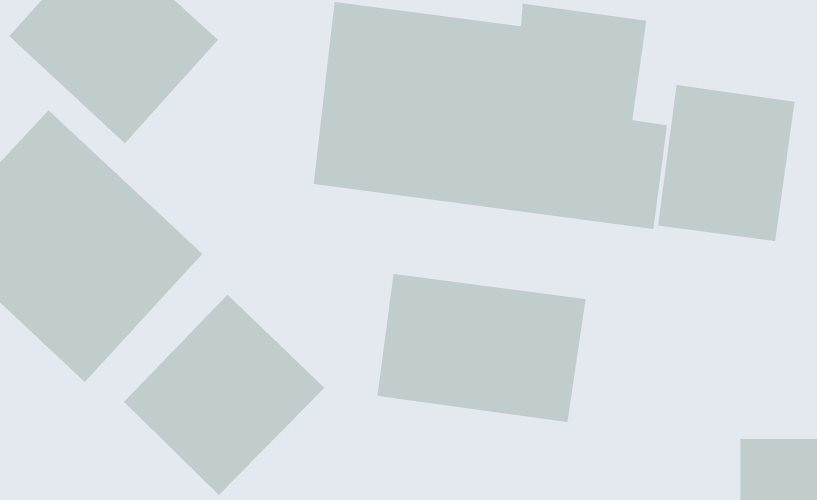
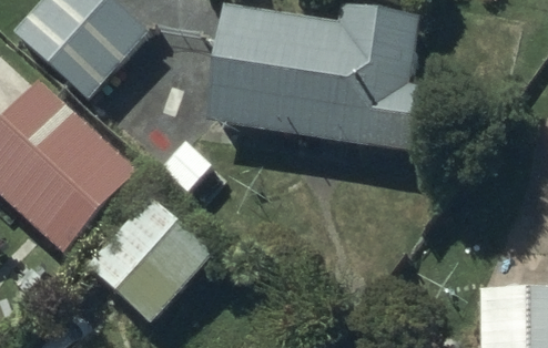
building: [657,84,795,242] -> none
building: [377,273,586,423] -> none

